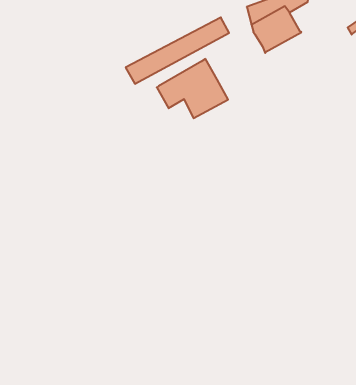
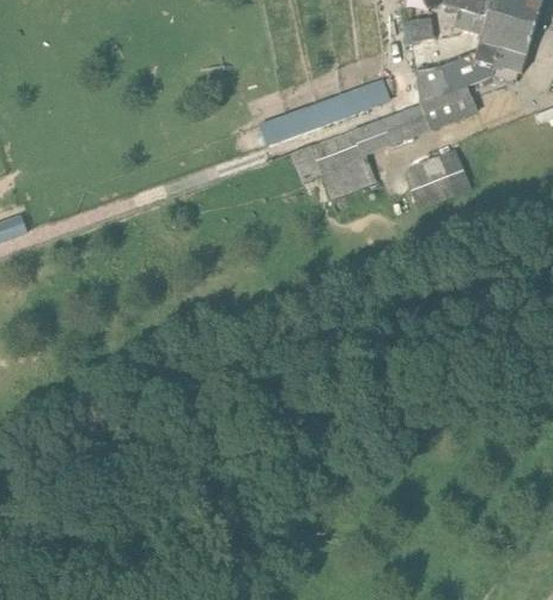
building: none -> [382,108,417,144]
building: none -> [405,149,472,210]

